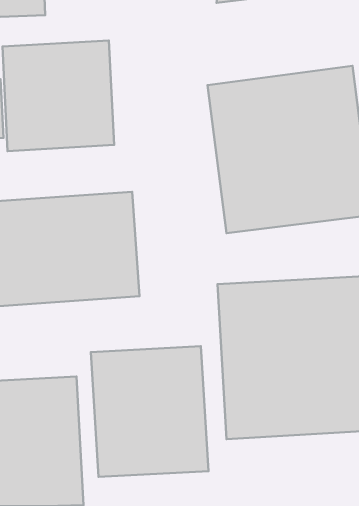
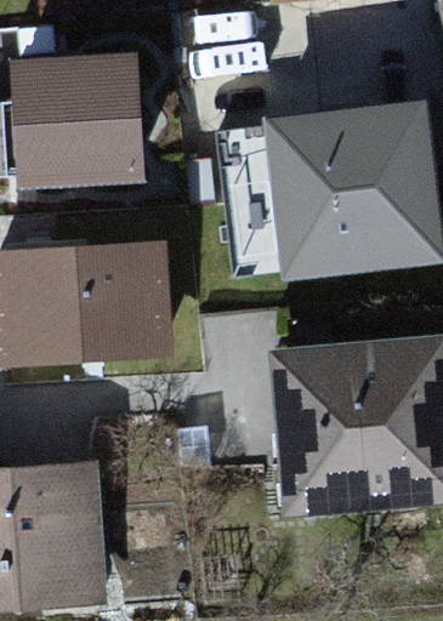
building: [91,346,208,477] -> none

